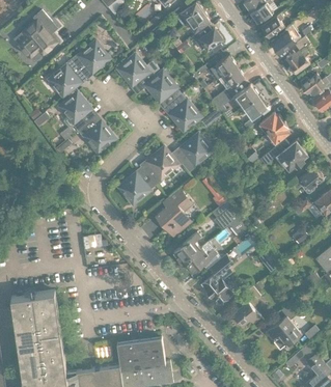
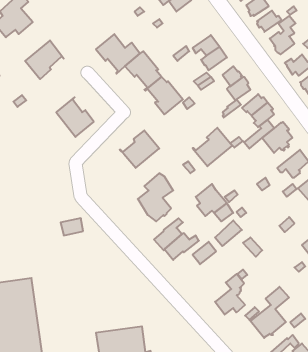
building: [191,28,222,53] -> none
building: [72,42,109,78] -> none
building: [58,91,95,140] -> none
building: [173,133,212,170] -> [193,128,232,166]
building: [117,170,155,204] -> none
building: [201,274,232,305] -> none

